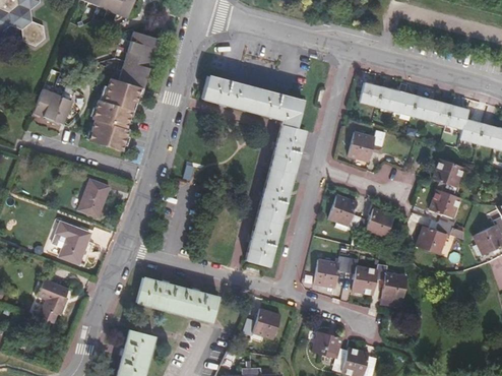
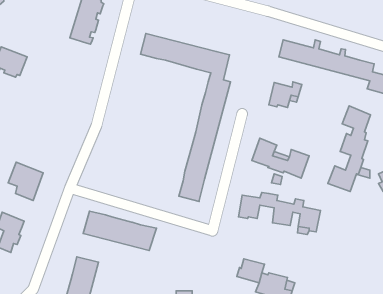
building: [87,77,140,150] -> none
building: [77,179,110,217] -> none
building: [243,308,279,338] -> none

